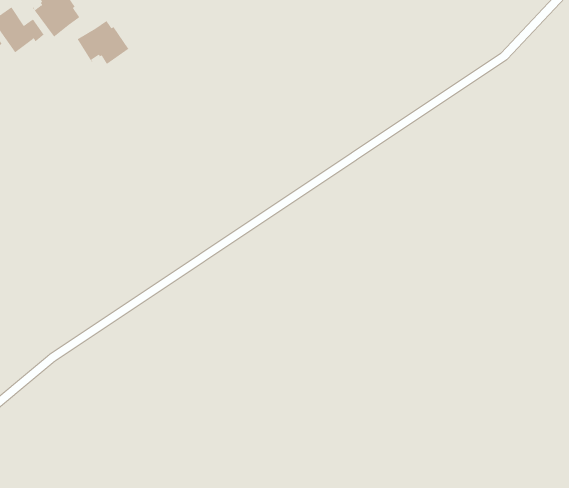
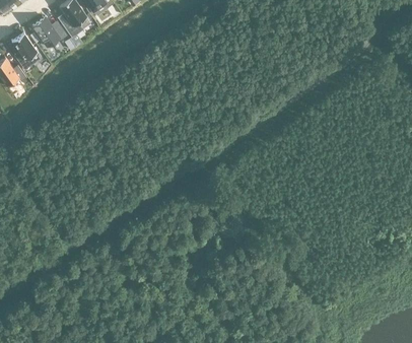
building: [77,20,129,65] -> none

